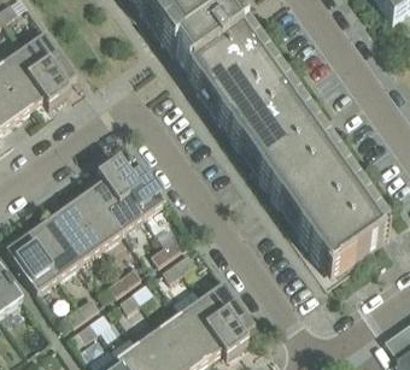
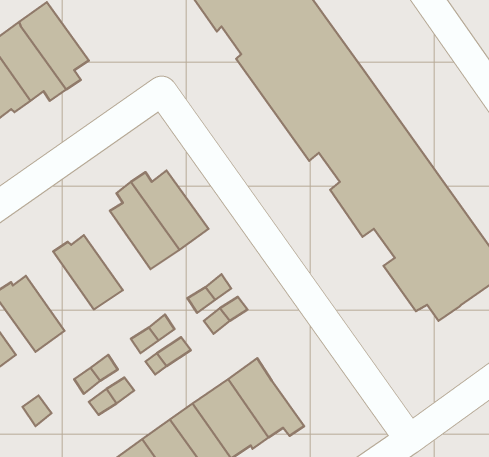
building: [74,186,123,245] -> none
building: [30,216,81,275] -> none
building: [203,280,254,346] -> none

